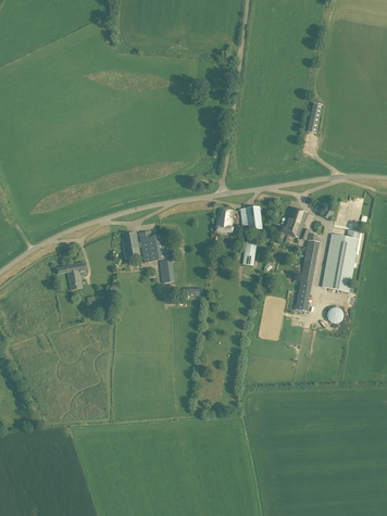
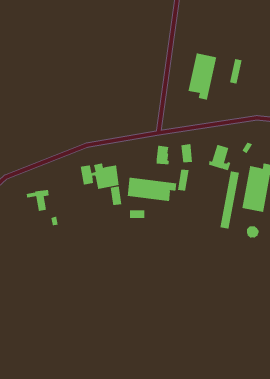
building: none -> [188,52,217,100]
building: none -> [127,177,177,202]

